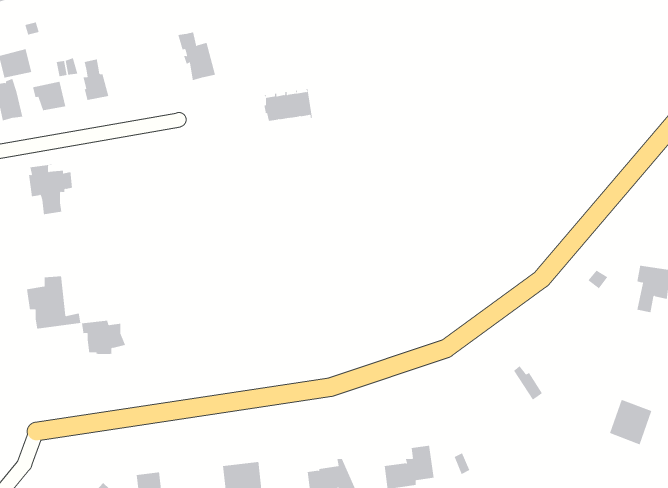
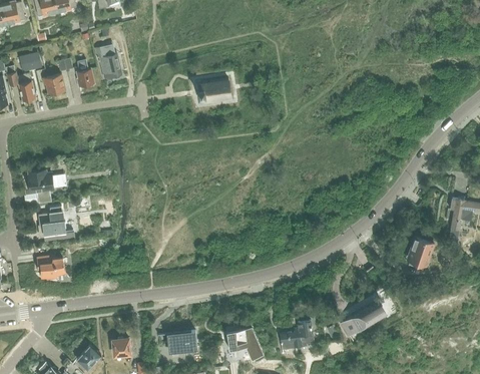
building: [177,32,216,81] -> [94,46,120,79]
building: [28,164,73,215] -> [28,170,58,205]
building: [81,320,132,357] -> [36,256,70,281]
building: [609,399,652,445] -> [406,236,435,267]
building: none -> [342,302,385,335]

